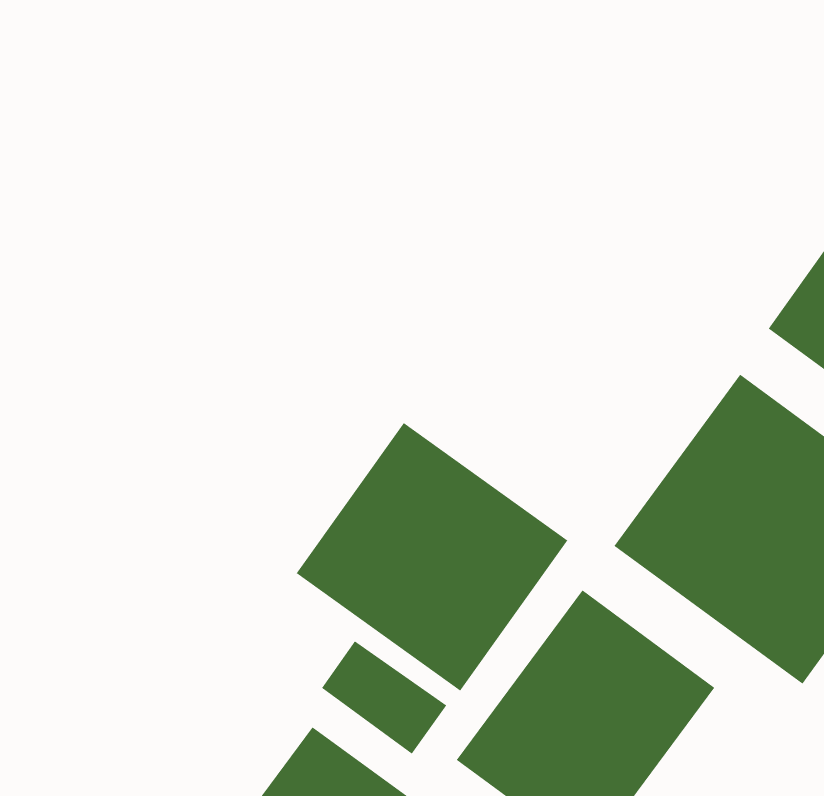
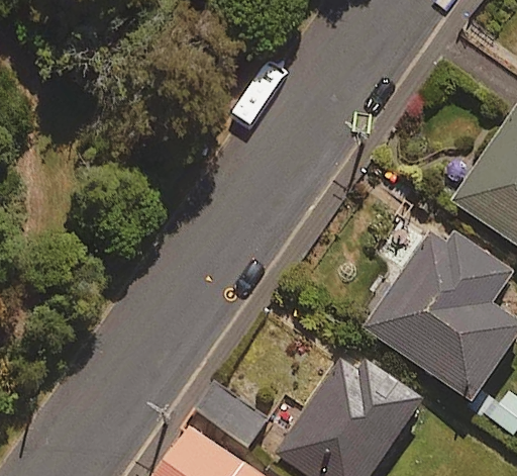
building: [296,422,568,692] -> none

